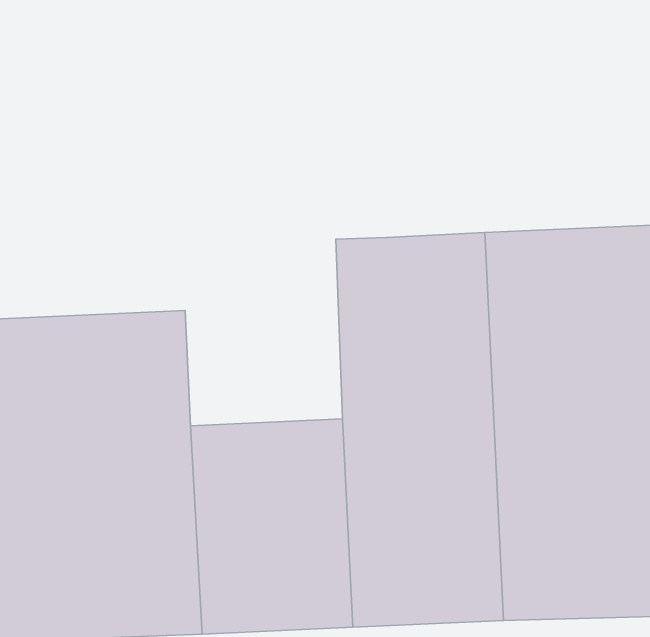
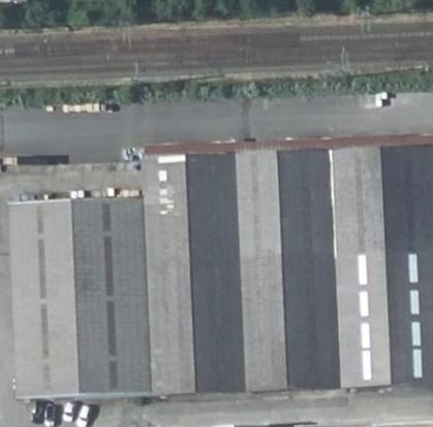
building: none -> [144,154,241,268]

